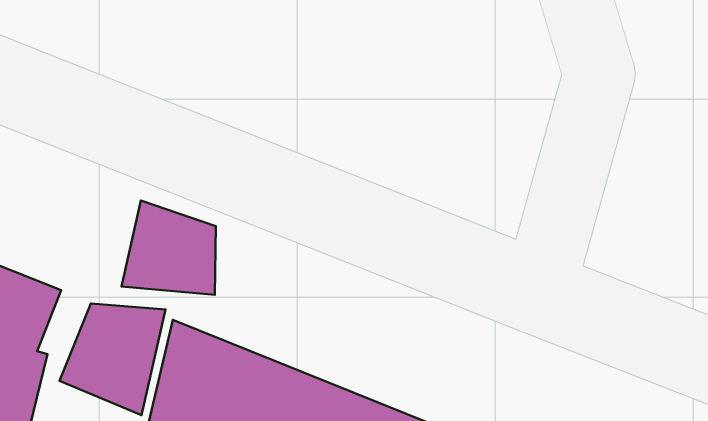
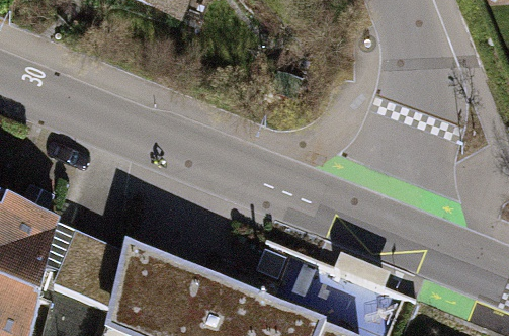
building: [122,201,216,295] -> none

